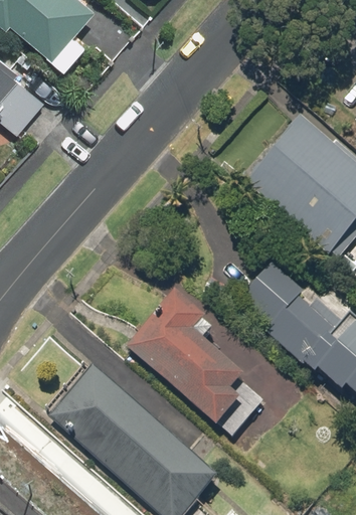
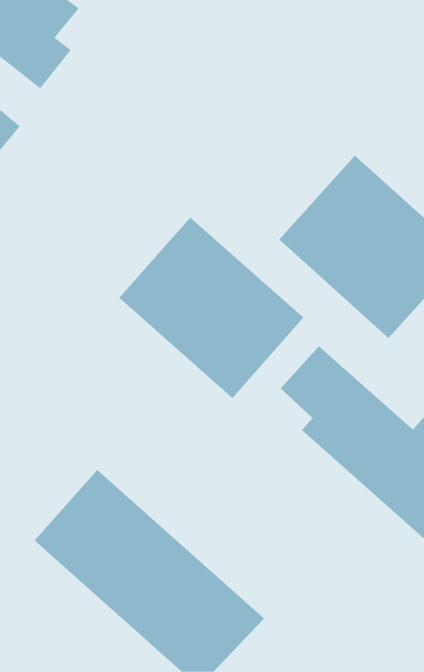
building: none -> [118,217,304,399]
building: [123,289,263,436] -> none

